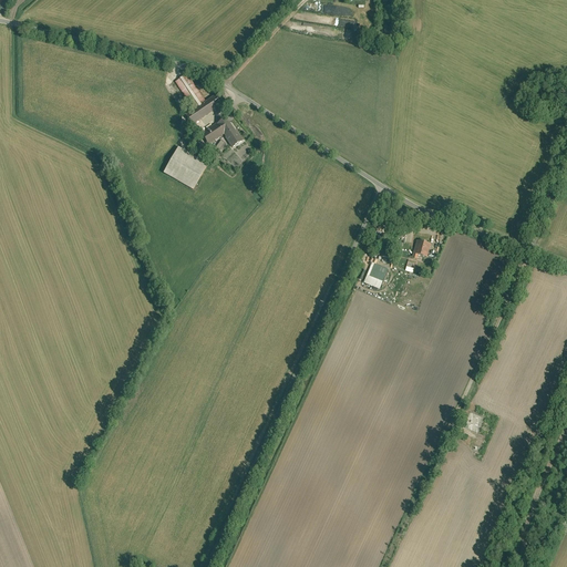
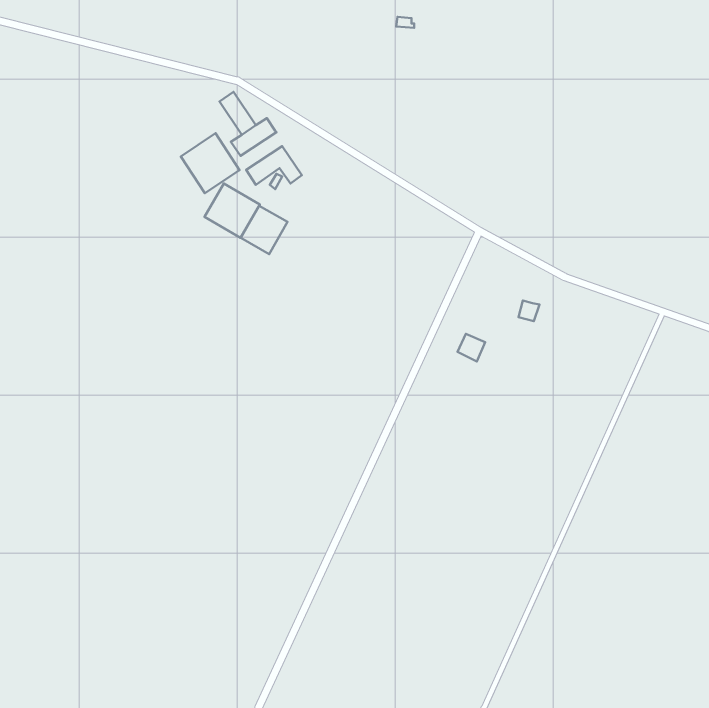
building: none -> [181,133,240,193]
building: none -> [241,206,287,254]

